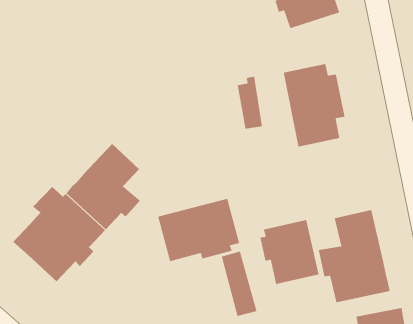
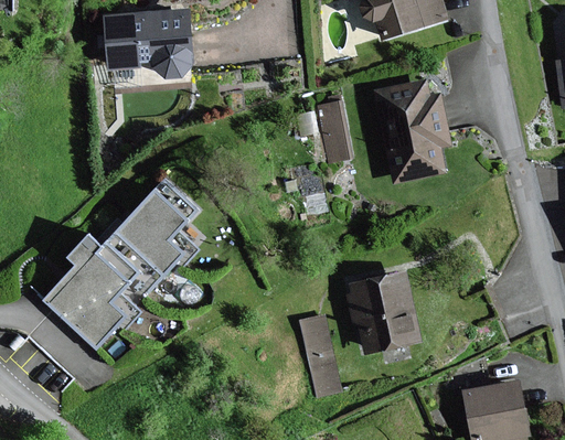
building: none -> [106,10,192,74]
building: [157,198,240,262] -> none
building: [318,209,390,303] -> none

